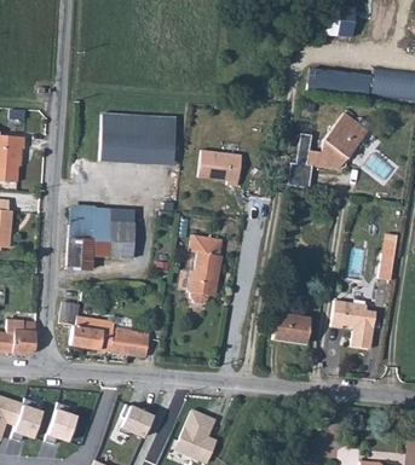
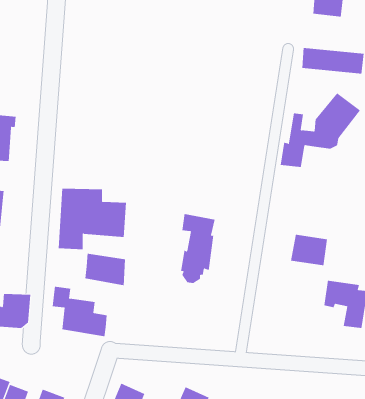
building: [100,115,175,165] -> none
building: [198,151,242,186] -> none
building: [272,313,310,344] -> [290,234,328,266]
building: [115,322,156,355] -> [84,253,126,286]

